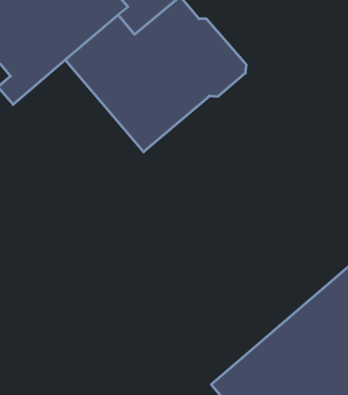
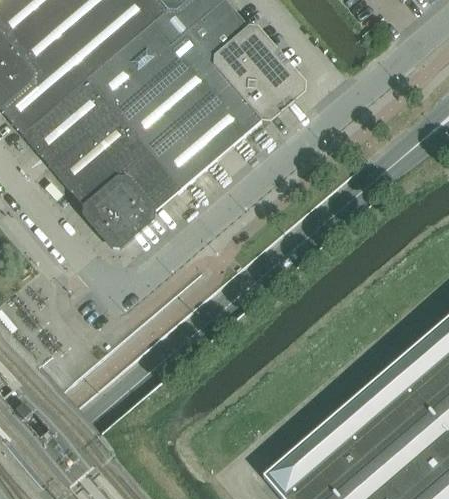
building: none -> [20,76,180,249]

